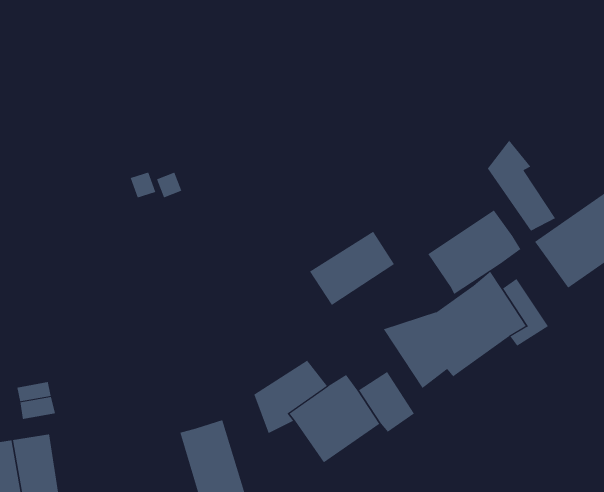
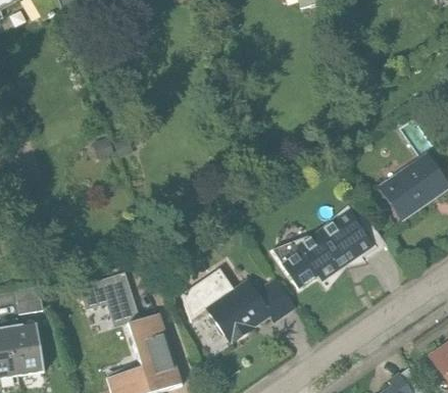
building: [487,140,556,232] -> none
building: [428,210,521,295] -> none
building: [309,231,395,306] -> none
building: none -> [81,274,140,326]

